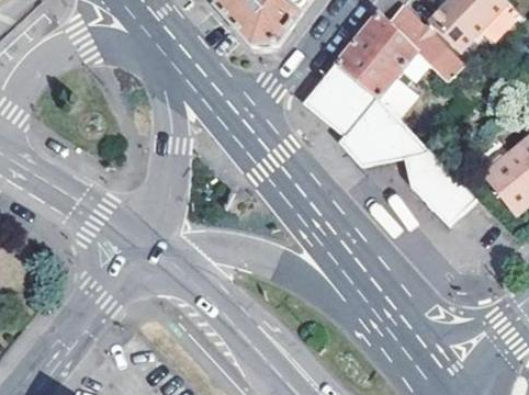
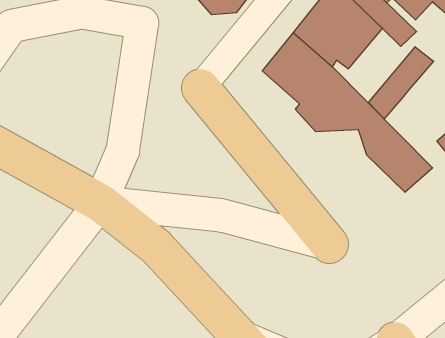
building: none -> [369,47,434,119]

